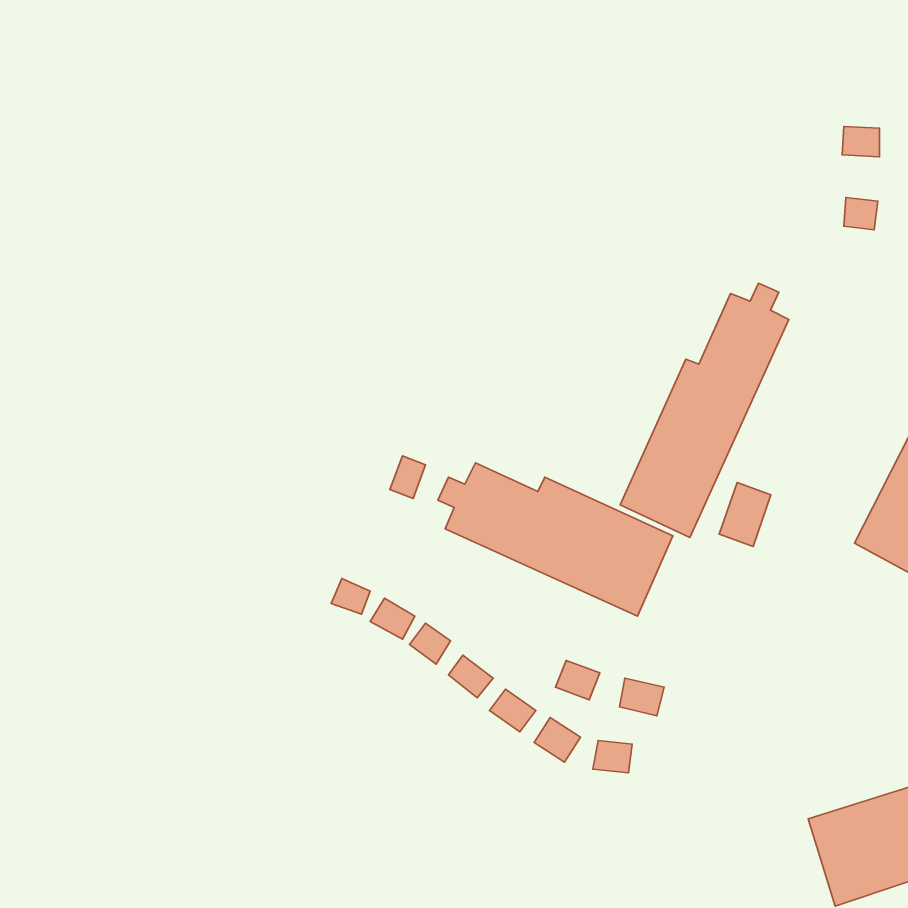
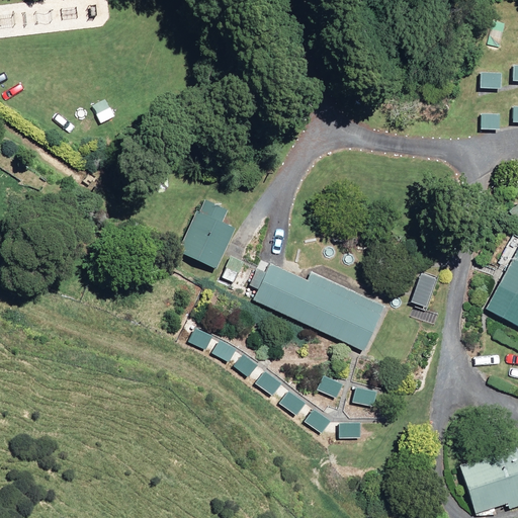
building: [620,283,789,537] -> none
building: none -> [178,197,234,268]

